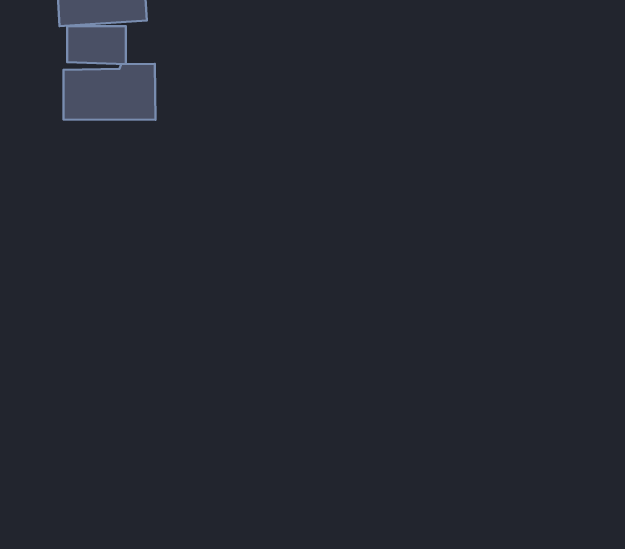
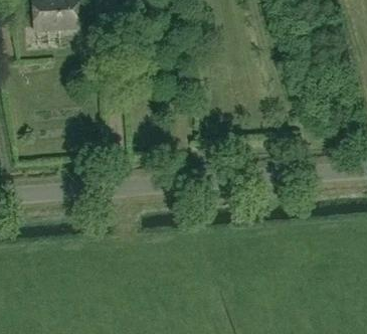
building: [64,64,155,120] -> none

